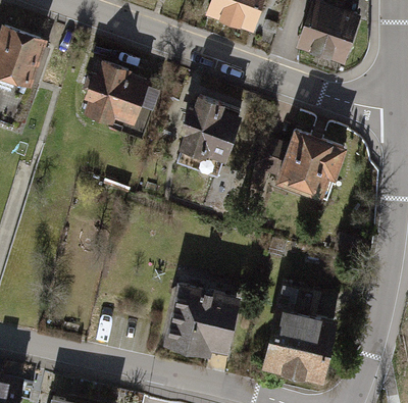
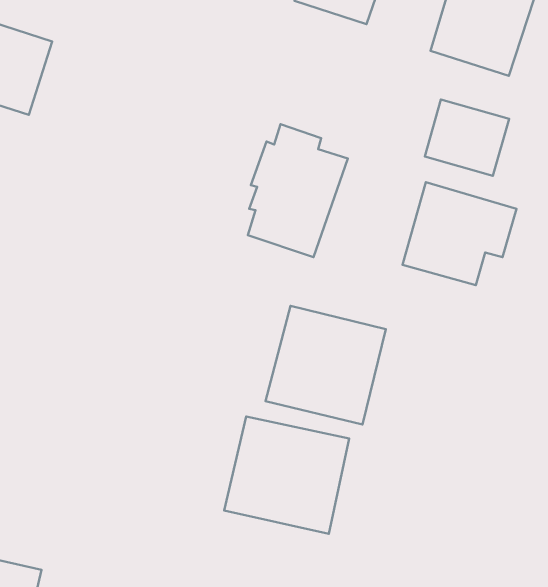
building: [84,60,163,131] -> none
building: none -> [425,100,509,176]
building: [260,305,339,383] -> [266,306,386,425]

